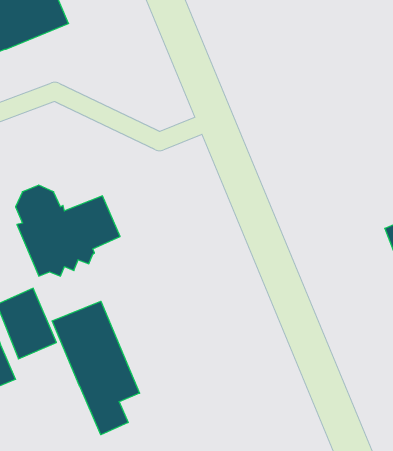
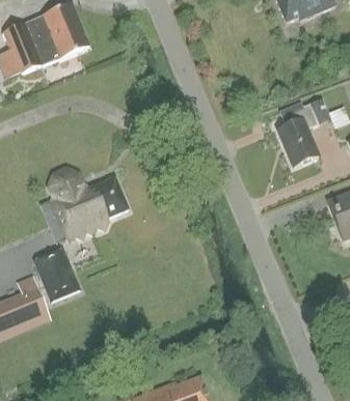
building: none -> [276,97,329,166]
building: [52,301,140,435] -> none

